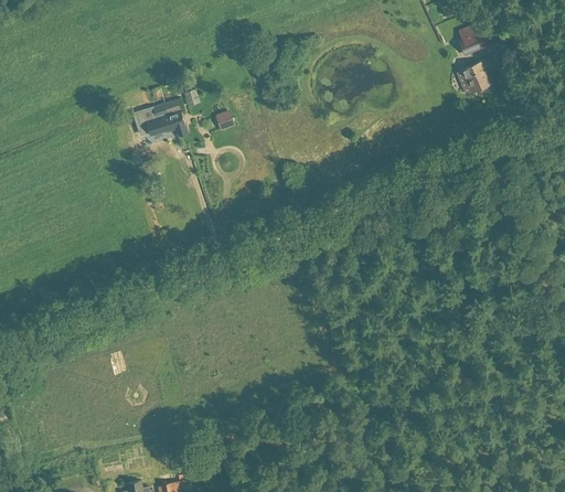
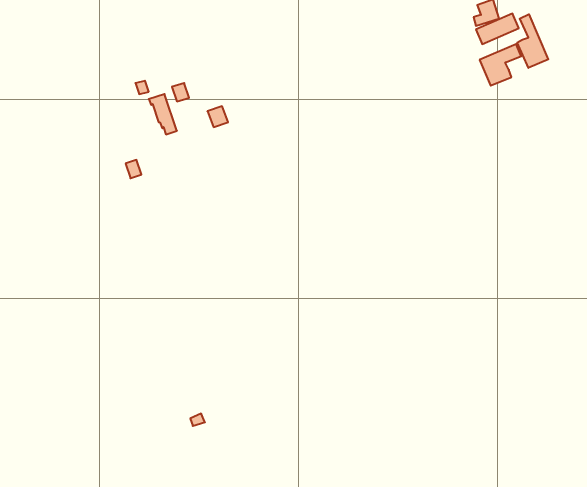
building: none -> [517,14,548,68]
building: [142,106,171,138] -> none

